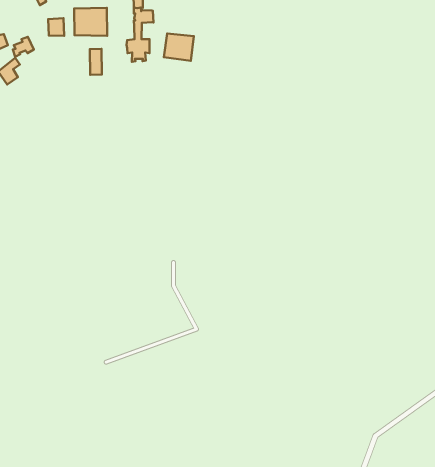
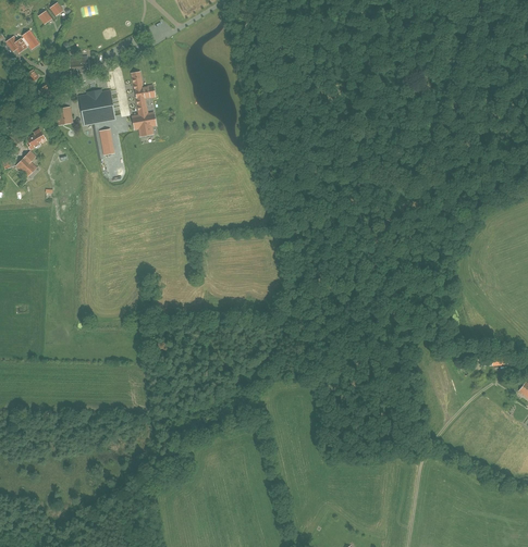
building: [164,34,194,61] -> none

